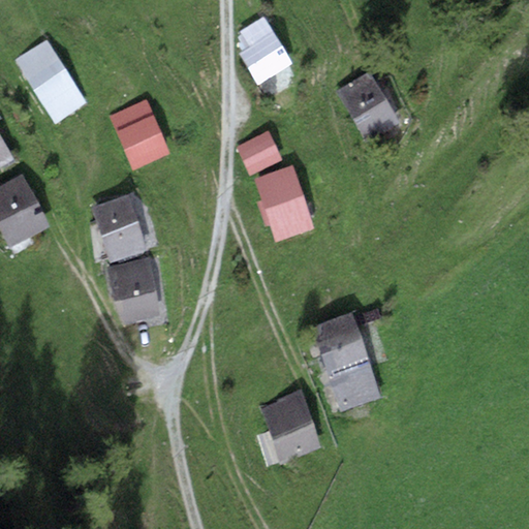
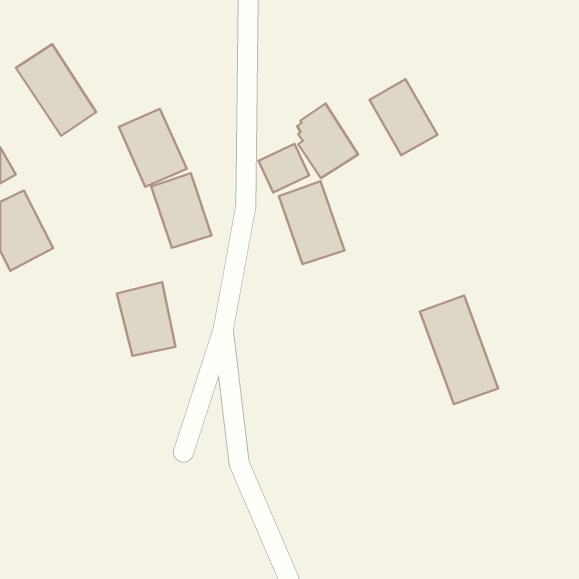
building: [237,17,292,85] -> [297,104,358,178]
building: [91,194,146,262] -> [151,173,211,248]
building: [311,312,382,411] -> [420,295,498,404]
building: [261,391,321,462] -> none

